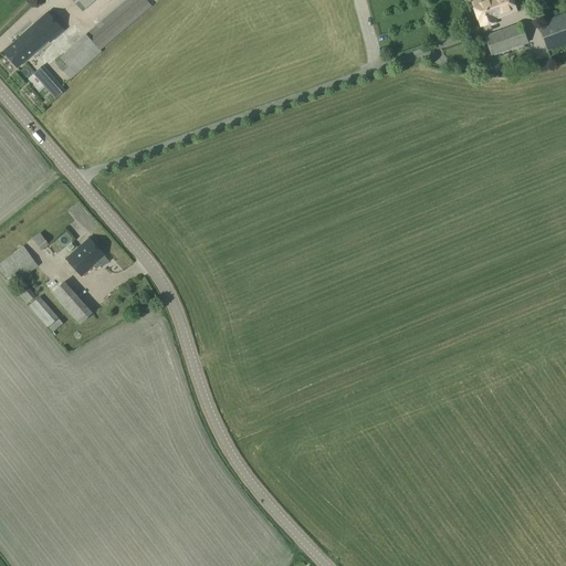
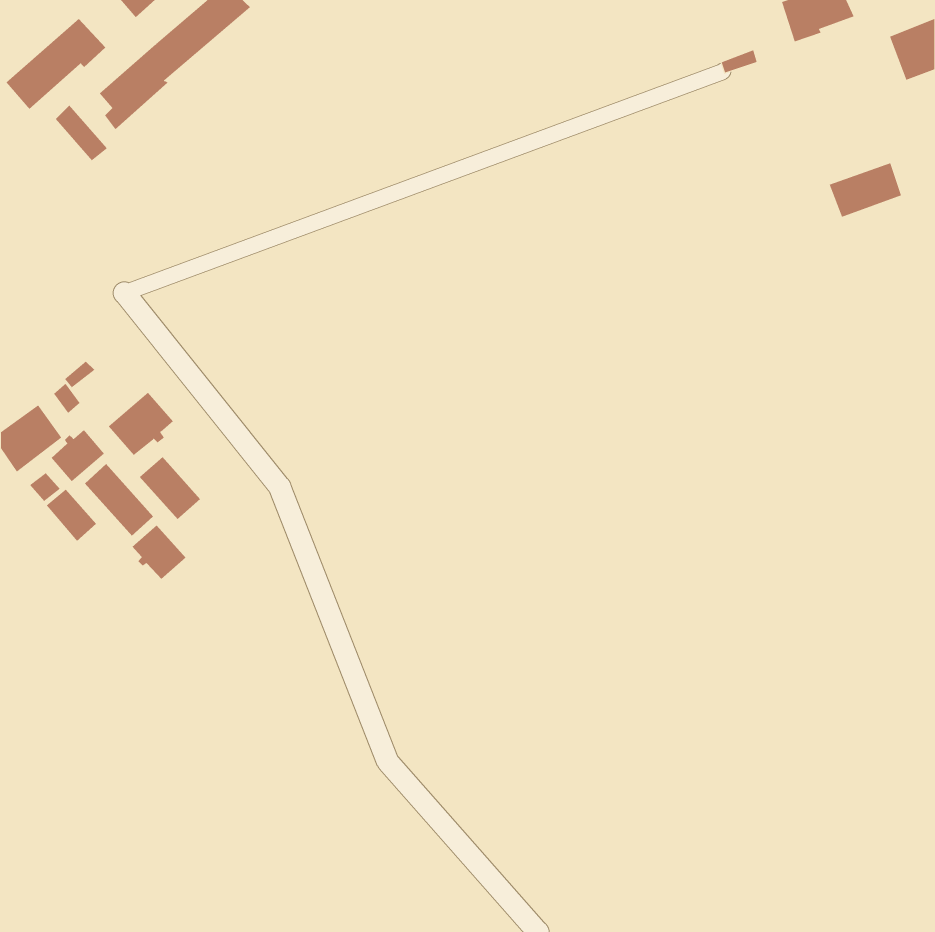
building: [483,22,527,55] -> [829,163,902,218]
building: none -> [51,429,105,482]
building: none -> [139,456,201,520]
building: none -> [132,524,186,580]

